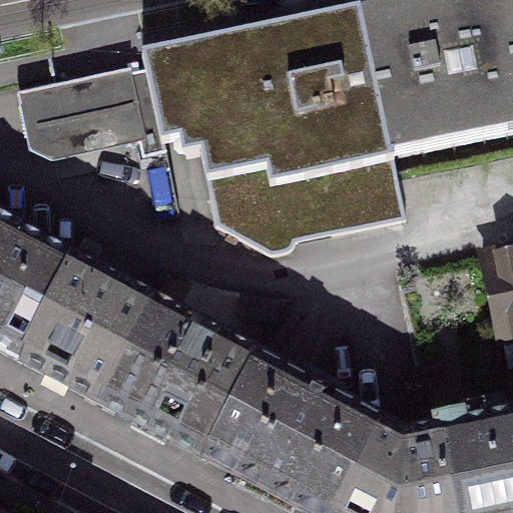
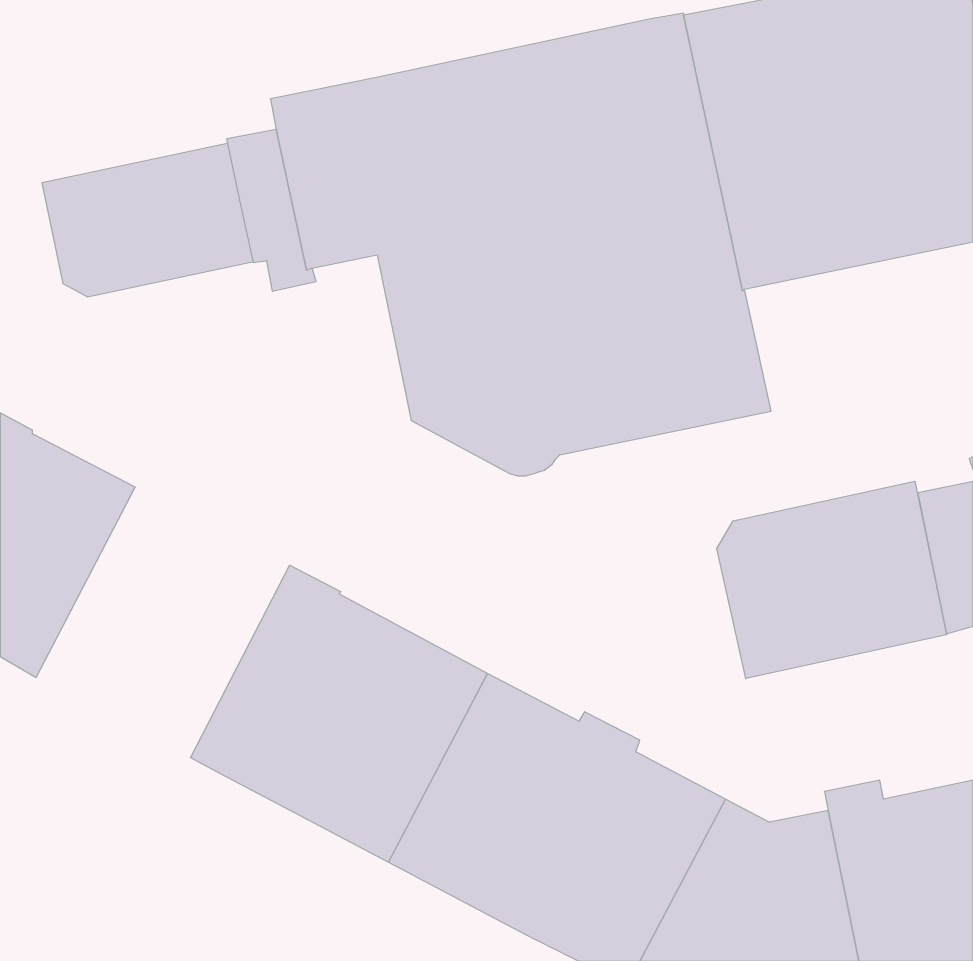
building: none -> [717,481,947,679]
building: [19,256,152,399] -> none

